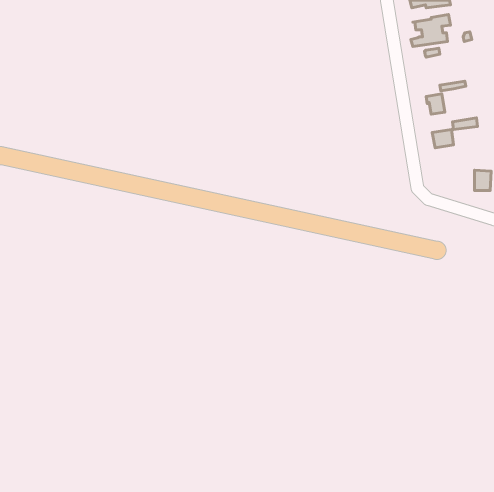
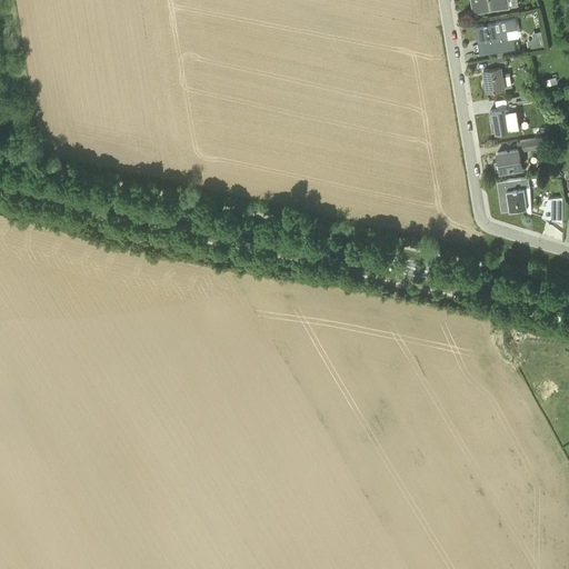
building: none -> [482,69,511,91]
building: none -> [497,178,530,213]

